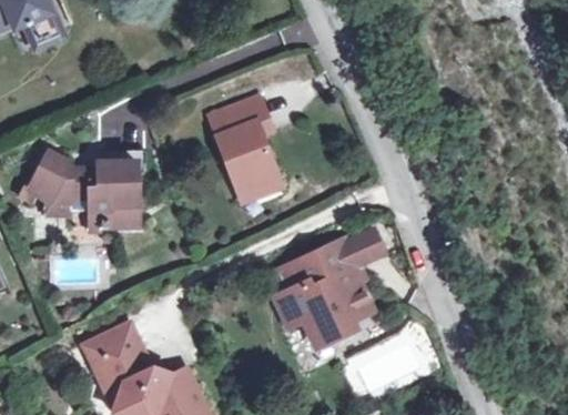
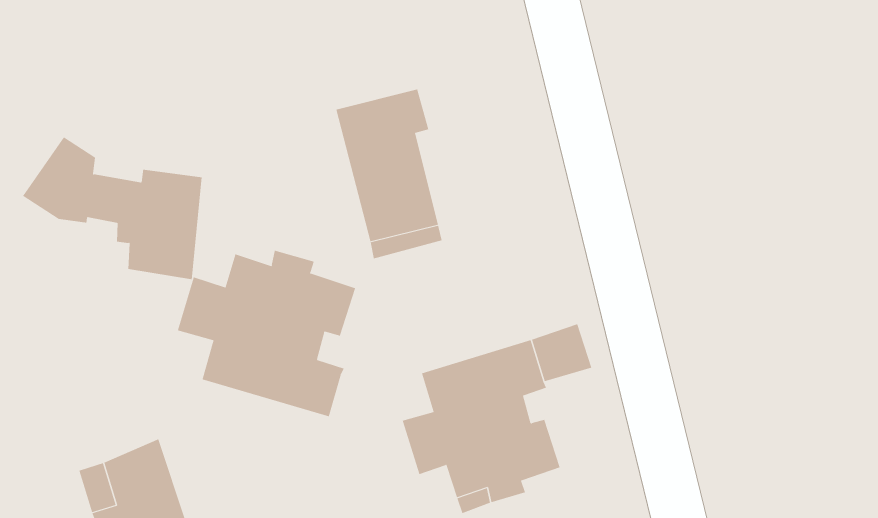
building: none -> [177,250,356,417]

